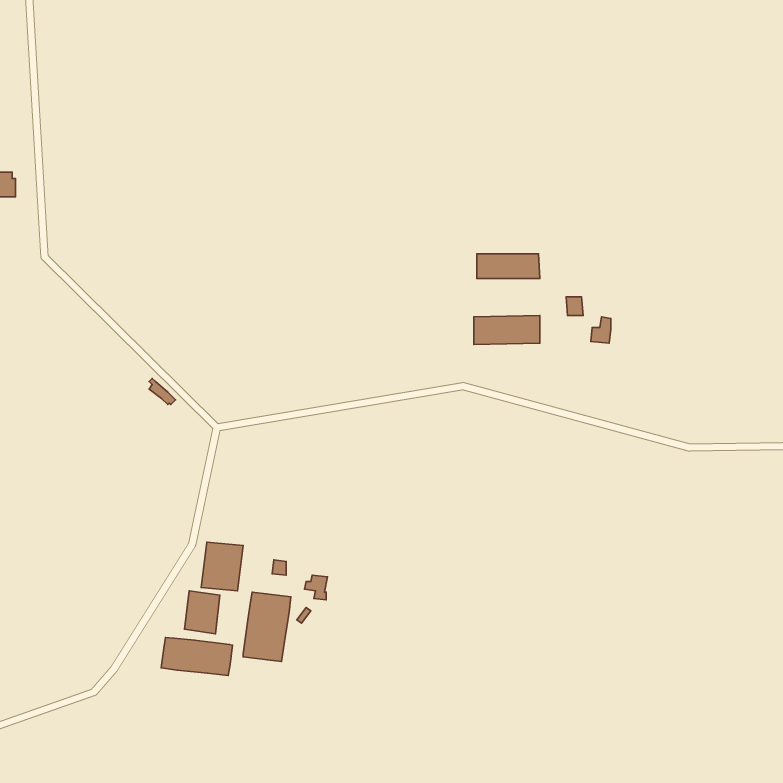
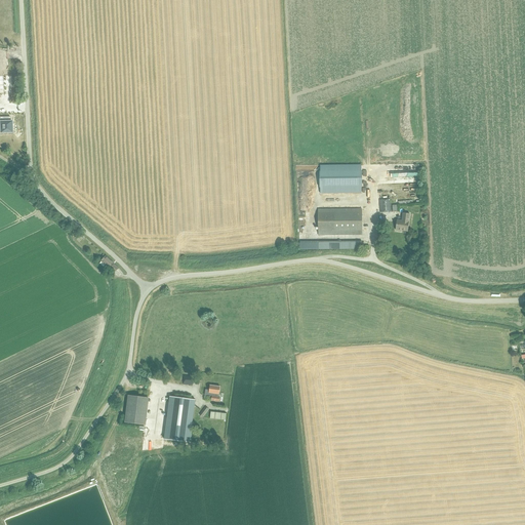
building: [201,542,243,591] -> none
building: [161,637,233,675] -> none

